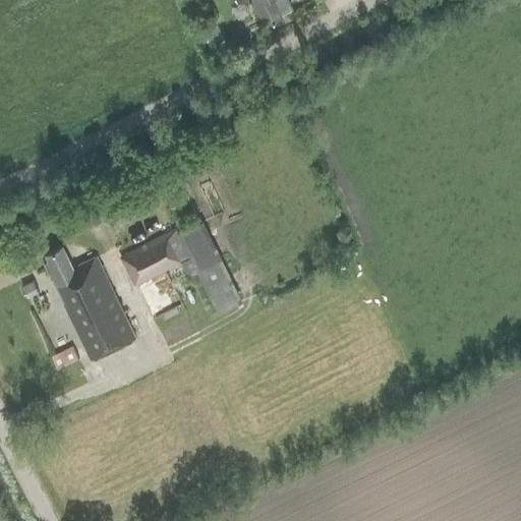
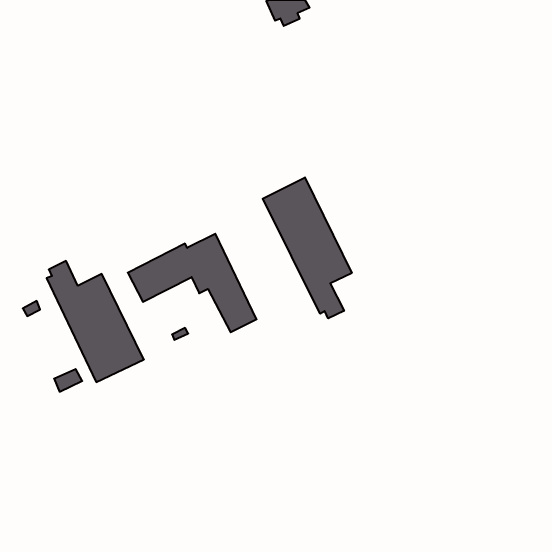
building: none -> [263,177,352,318]

